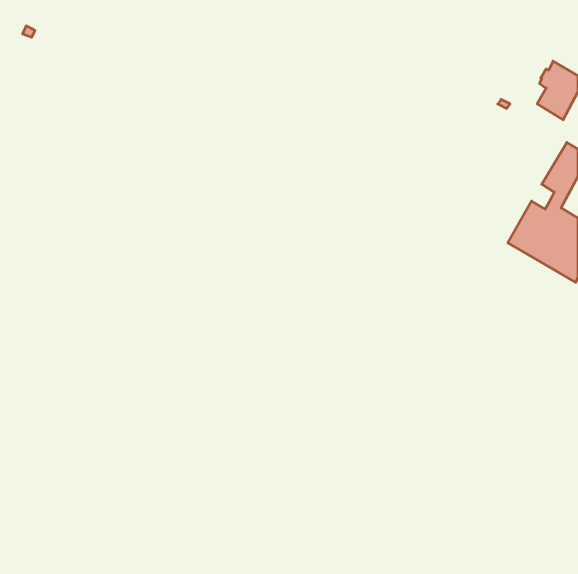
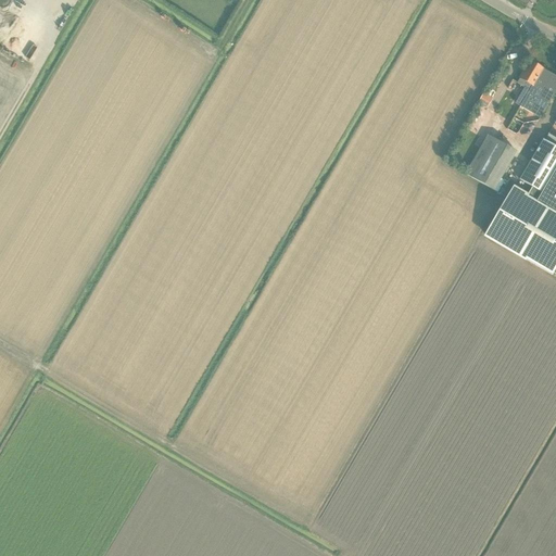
building: none -> [466,131,518,188]

